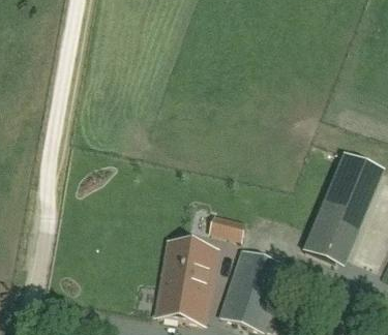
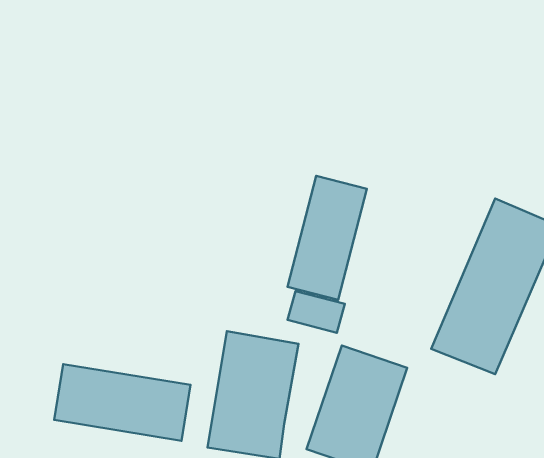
building: none -> [288,176,367,300]
building: none -> [54,364,190,441]

